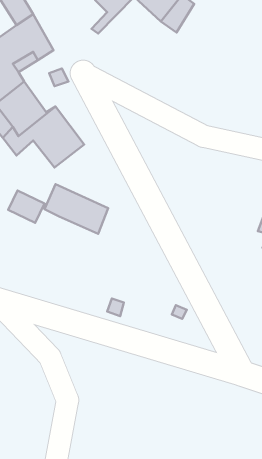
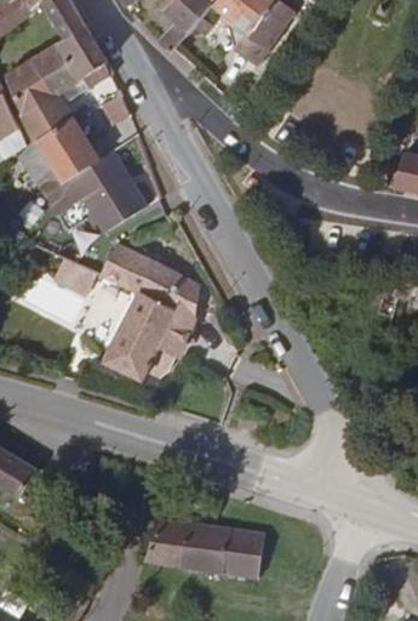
building: none -> [102,280,196,388]
building: none -> [138,515,258,576]

